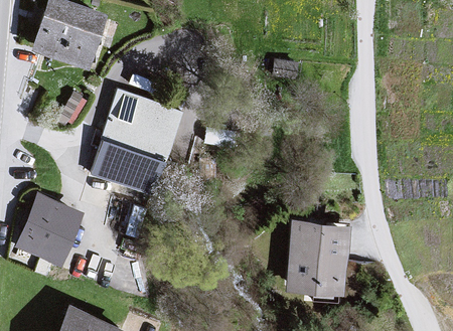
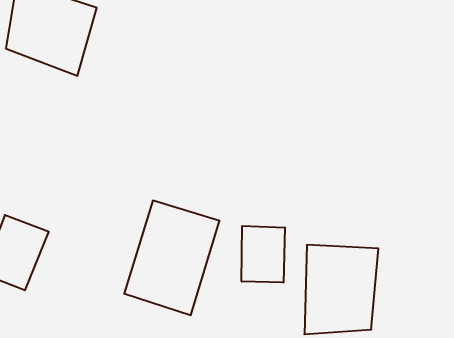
building: [91,93,171,189] -> [124,201,220,315]
building: none -> [242,226,285,283]

